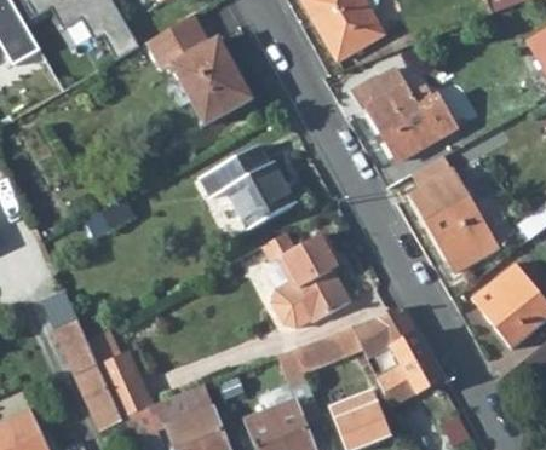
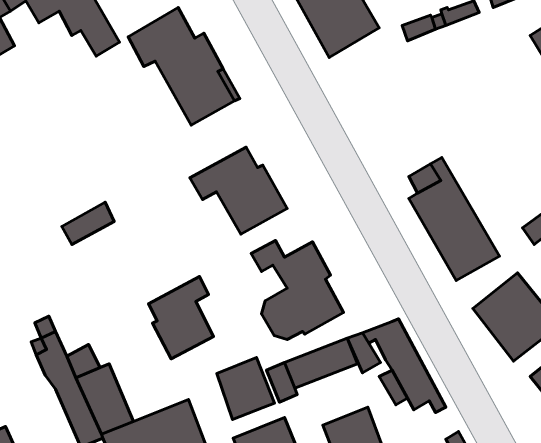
building: [352,68,455,161] -> none
building: none -> [148,276,214,359]
building: none -> [217,357,274,419]

